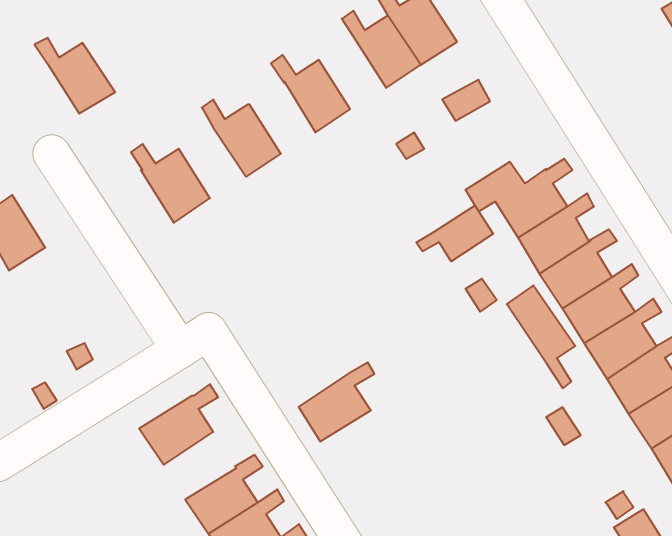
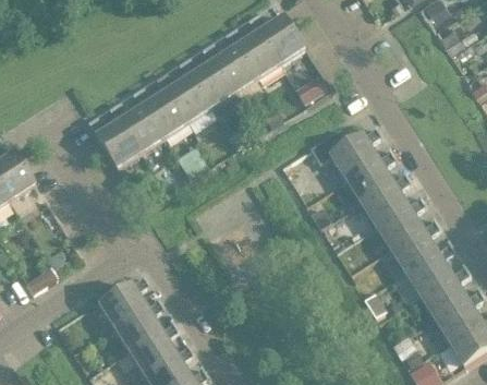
building: none -> [206,45,259,95]
building: [35,38,115,114] -> [113,104,167,154]
building: none -> [160,74,212,124]
building: [416,206,493,261] -> none
building: [507,285,575,388] -> none
building: [299,362,374,441] -> [112,301,162,353]

